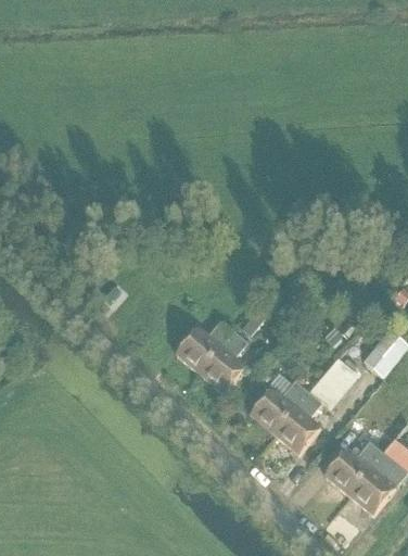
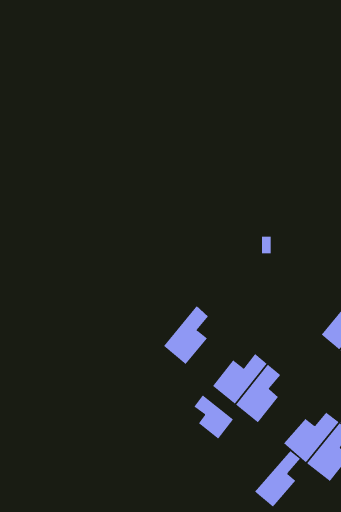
building: [175,318,233,371] -> none
building: none -> [194,395,234,439]
building: none -> [254,450,301,508]

